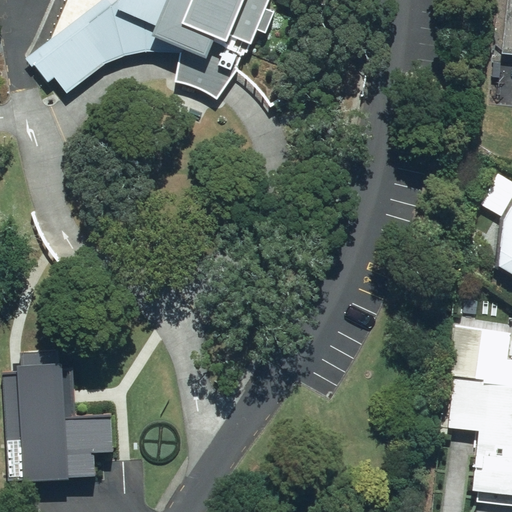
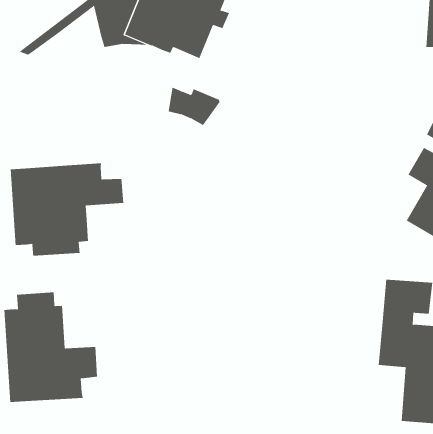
building: [35,8,124,93] -> none
building: [176,54,238,100] -> [168,87,220,126]
building: none -> [10,163,124,257]

